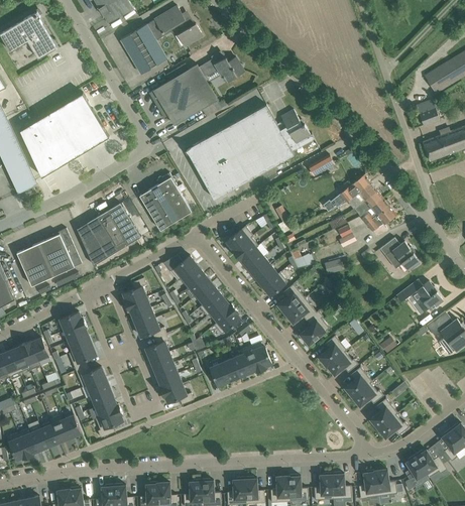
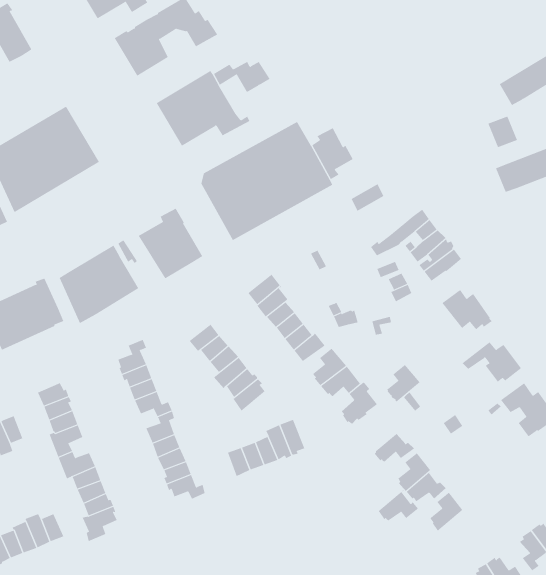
building: [163,255,197,280] -> none
building: [319,336,346,366] -> [386,364,421,402]
building: [376,412,409,437] -> [378,489,419,521]

